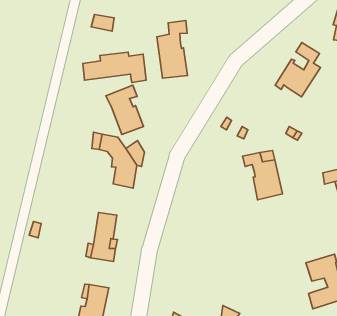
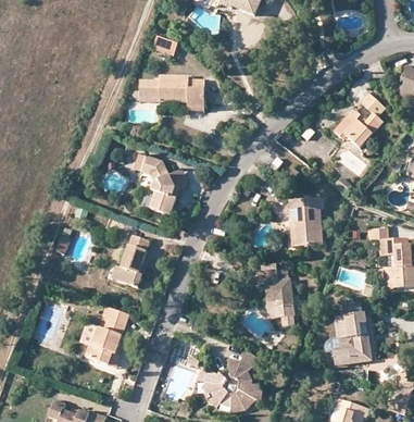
building: [157,20,187,78] -> none
building: [106,85,144,135] -> none
building: none -> [256,270,294,319]

